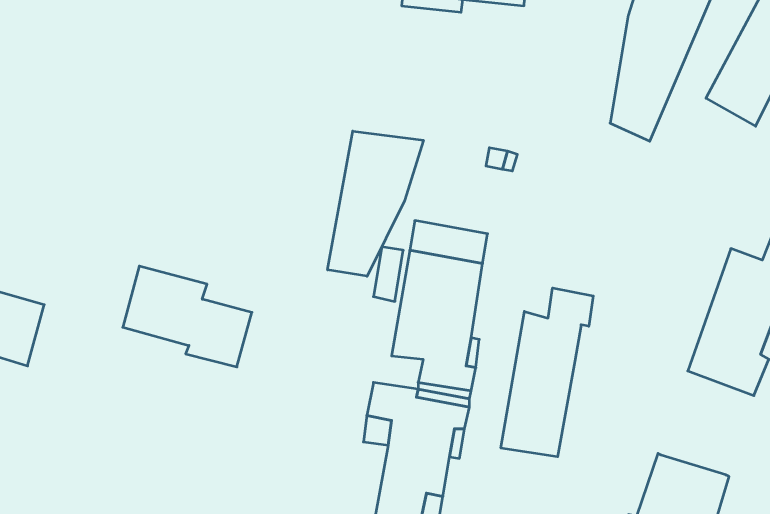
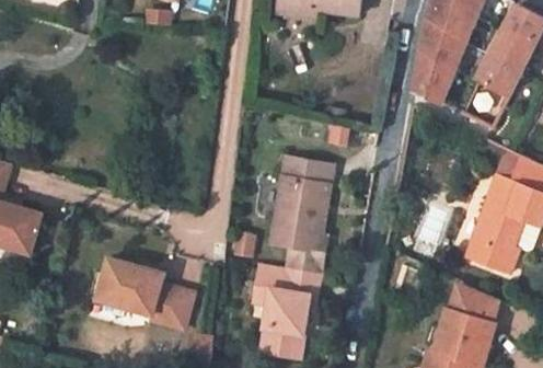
building: [328,131,423,276] -> none
building: [123,266,252,367] -> [95,261,181,327]
building: [501,288,593,457] -> none
building: none -> [448,279,499,325]

